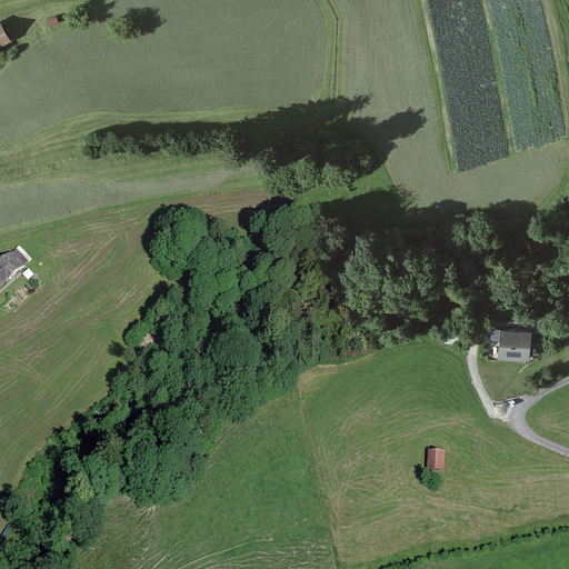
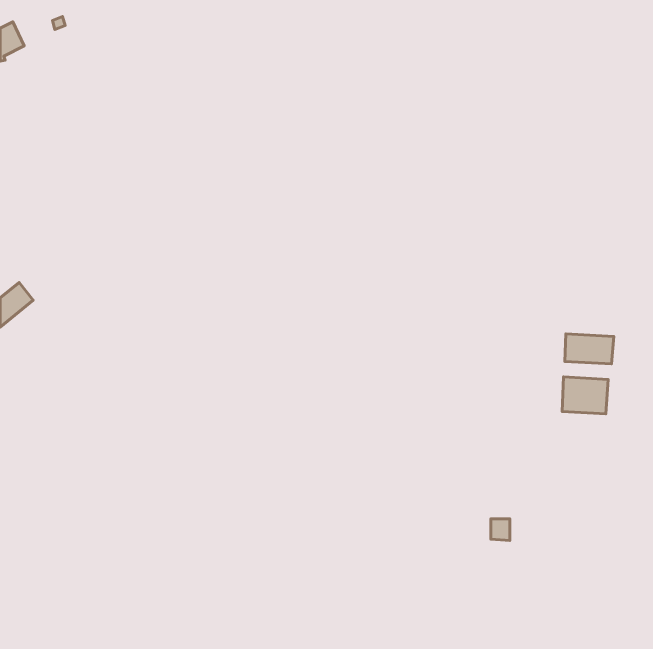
building: none -> [565,334,614,364]

